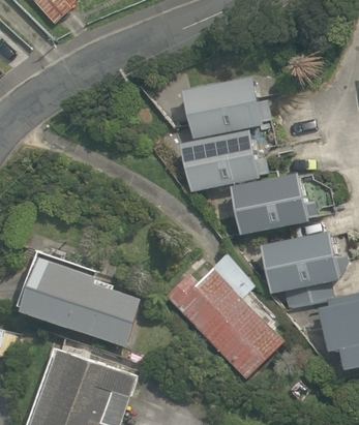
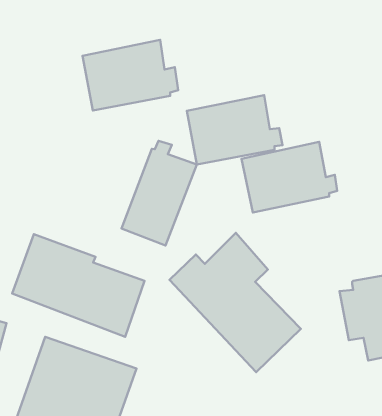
building: [183,74,270,139] -> [82,40,178,111]
building: none -> [121,141,197,245]
building: [262,230,347,309] -> none

